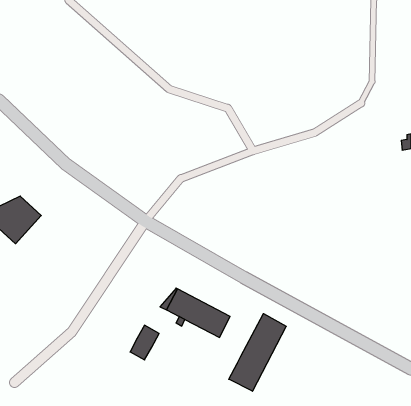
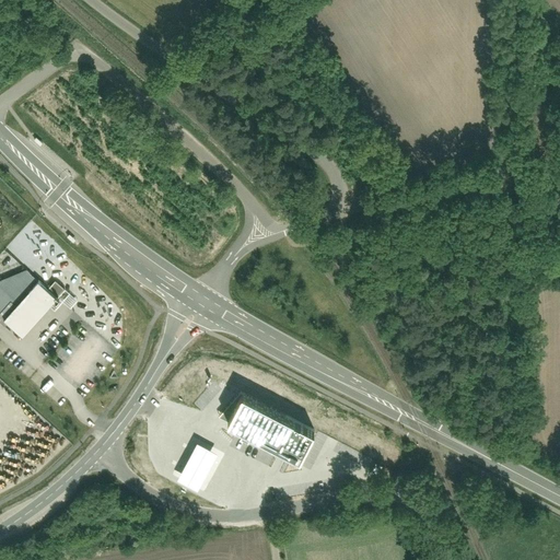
building: [229,314,286,391] -> none

